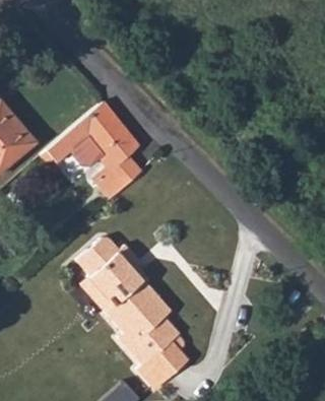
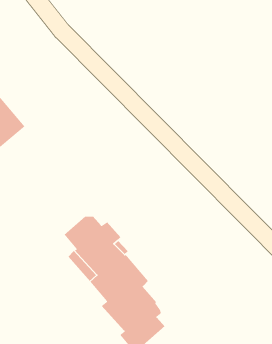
building: [40,103,140,199] -> none

